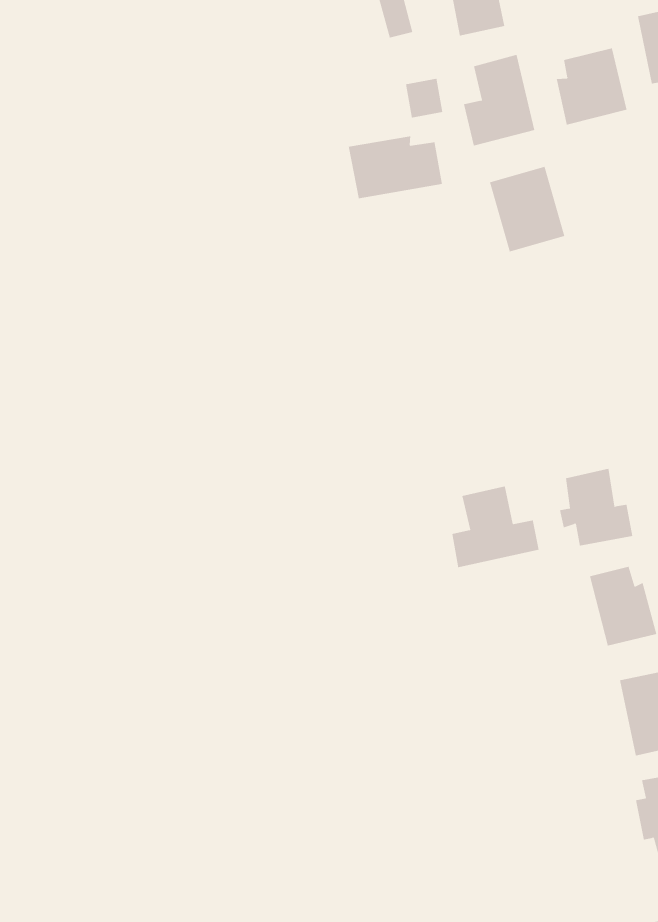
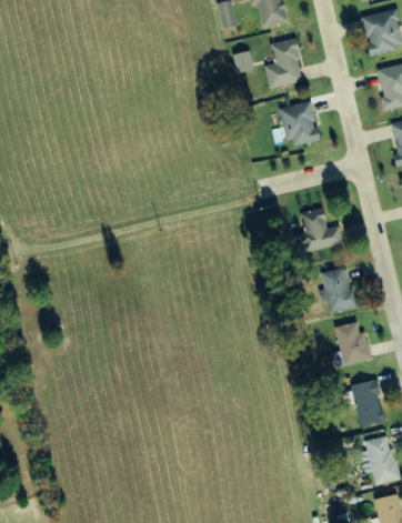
building: [556,48,627,126] -> none
building: [348,136,443,199] -> none
building: [452,486,540,568] -> [293,208,342,253]

